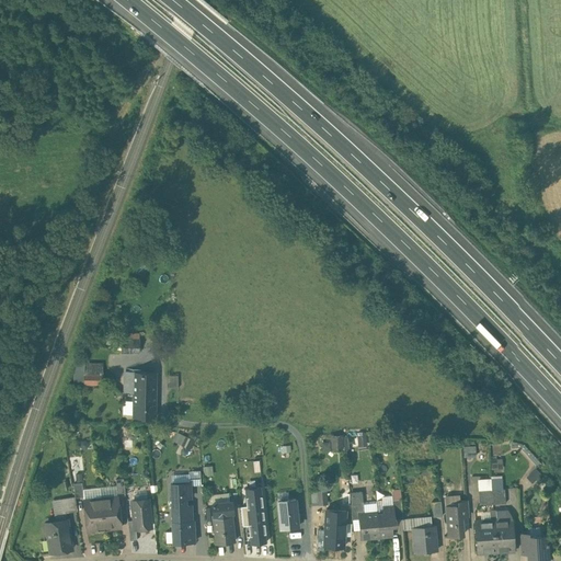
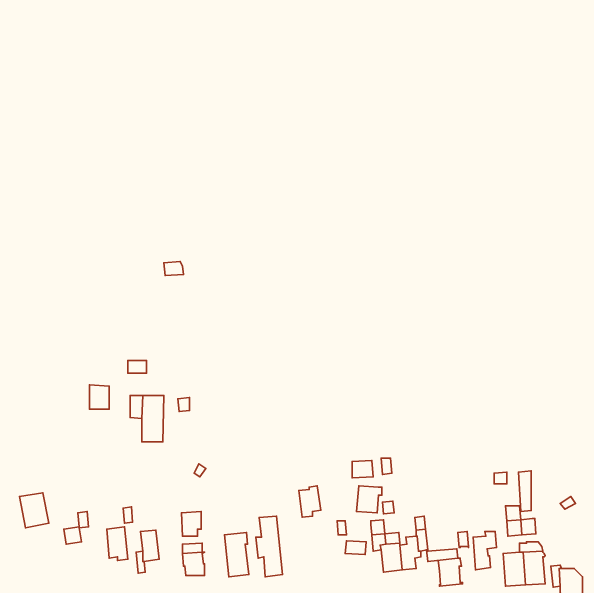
building: [83,500,103,531] -> none
building: [277,500,298,529] -> [299,486,321,517]
building: [45,520,72,553] -> [20,493,49,528]
building: [323,523,347,548] -> [356,486,382,513]

